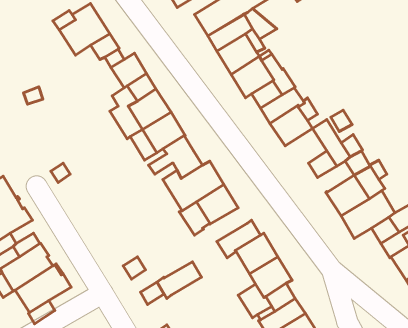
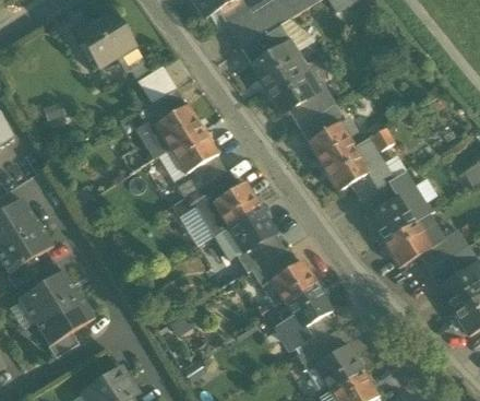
building: none -> [324,146,369,190]
building: none -> [359,181,398,215]
building: none -> [178,207,214,246]
building: [157,262,202,298] -> [236,232,284,271]

